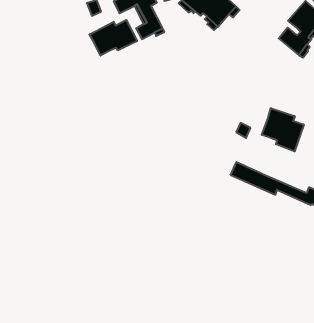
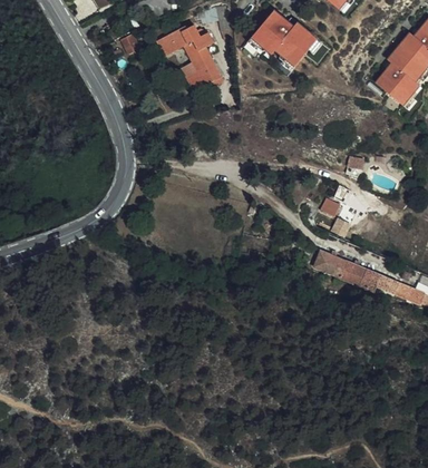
building: [89,20,137,56] -> none
building: [262,108,304,151] -> none

